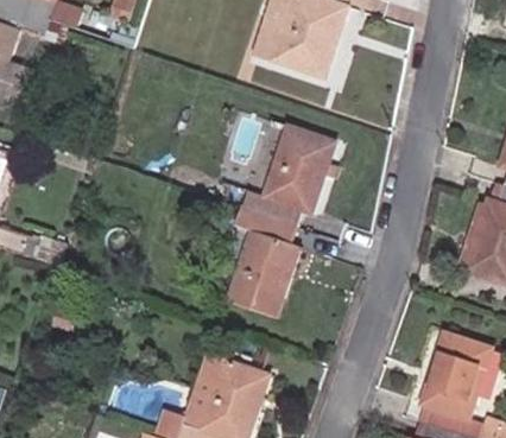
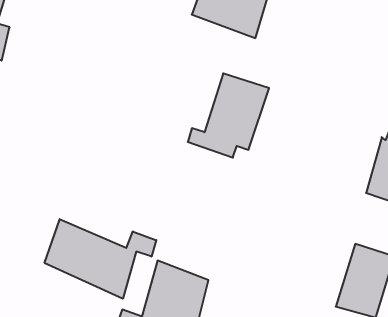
building: [222,227,303,320] -> none
building: none -> [45,219,156,299]

